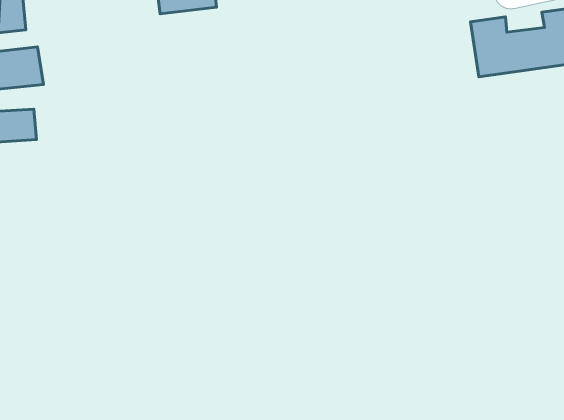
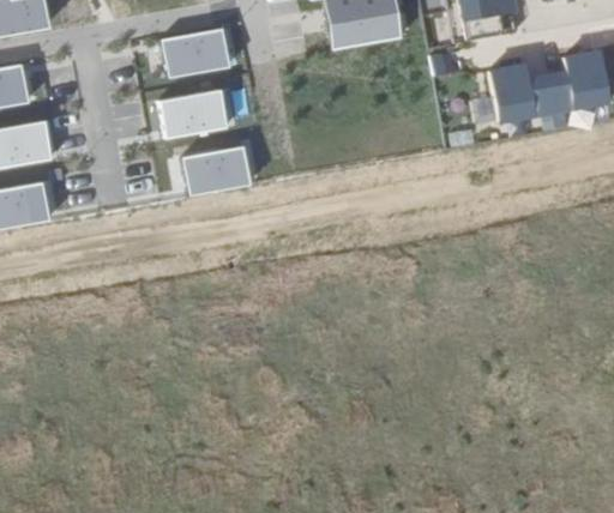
building: none -> [157,93,227,141]
building: none -> [183,147,247,186]

